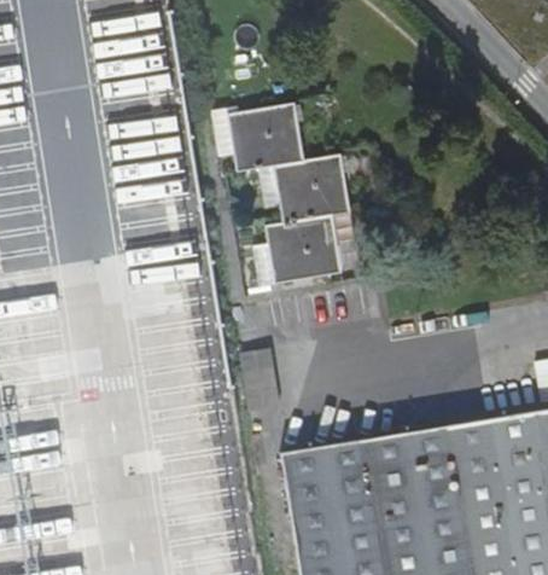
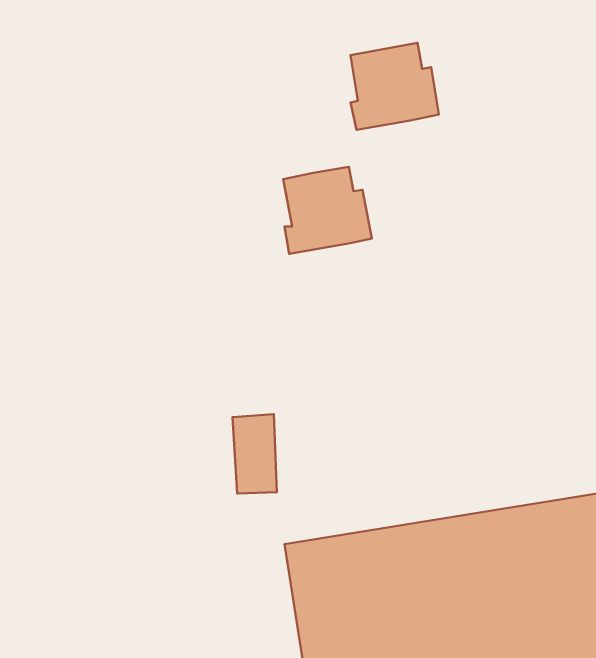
building: [234,103,304,172] -> [350,43,439,130]
building: [264,215,339,283] -> none

